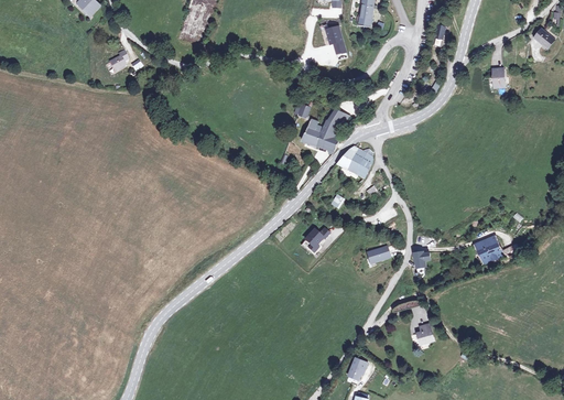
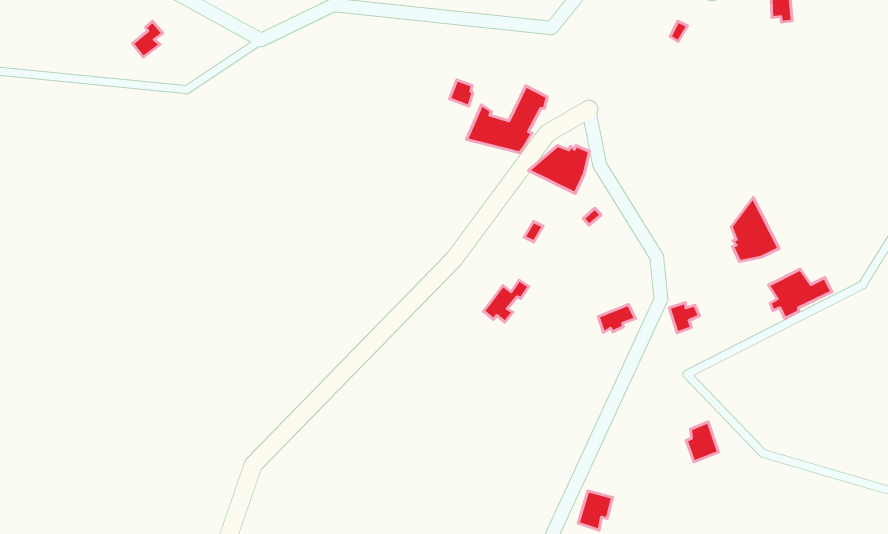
building: none -> [731,198,779,261]

